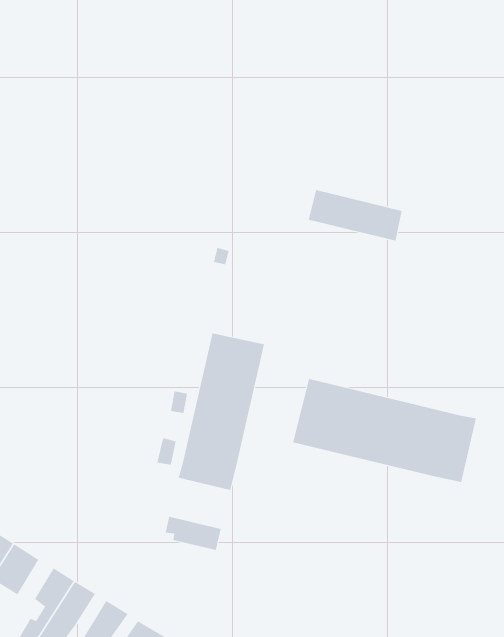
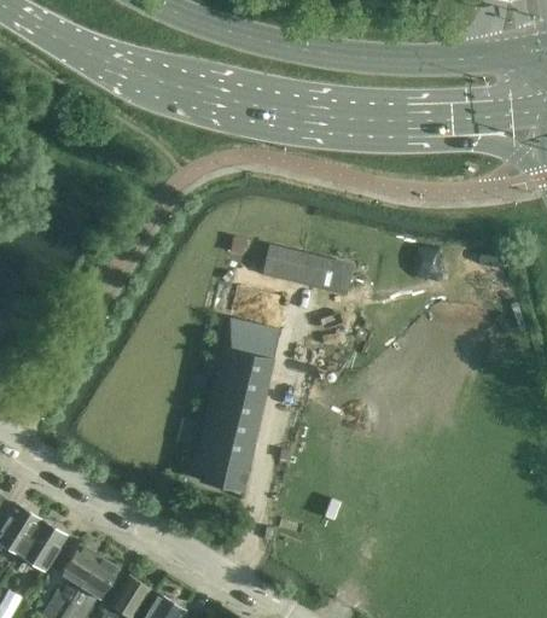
building: [308,190,403,241] -> [263,245,354,295]
building: [292,378,477,483] -> none
building: [165,516,222,550] -> [194,457,249,490]

